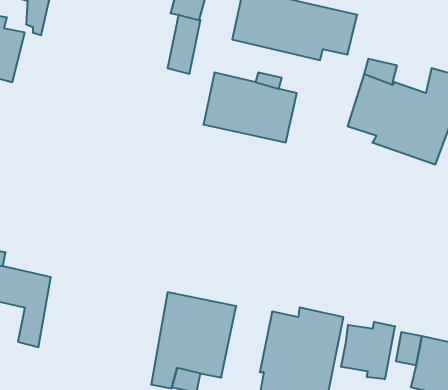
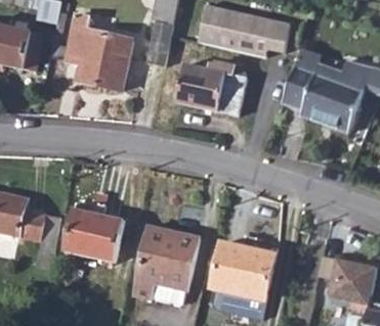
building: none -> [66,15,131,91]
building: none -> [67,203,124,263]
building: [341,322,395,379] -> none

